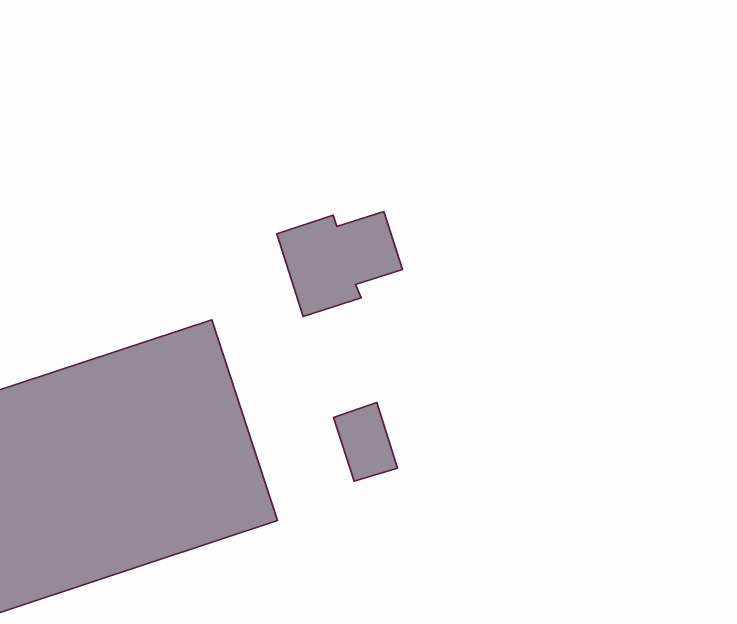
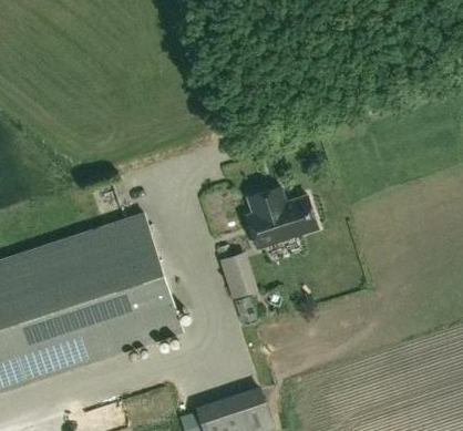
building: [277,211,403,316] -> [239,194,313,256]

